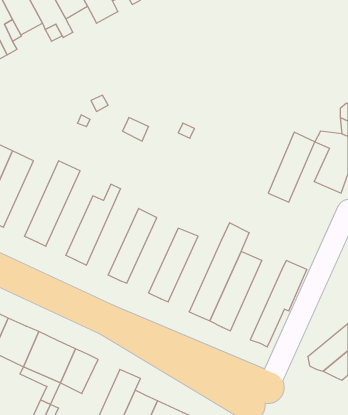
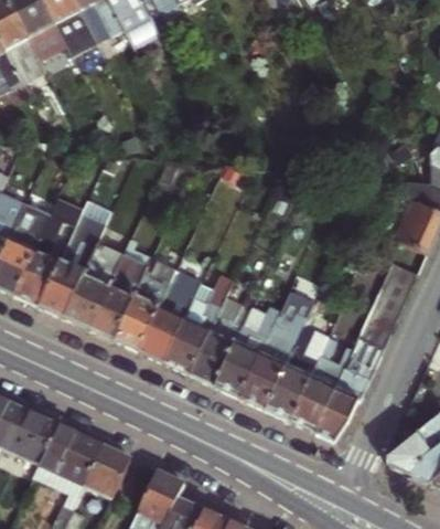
building: [268,132,315,202] -> [361,260,418,346]
building: none -> [14,195,84,305]
building: none -> [66,244,124,328]
building: none -> [116,246,184,352]
building: none -> [165,273,235,374]
building: none -> [216,297,281,398]
building: none -> [292,335,355,432]

